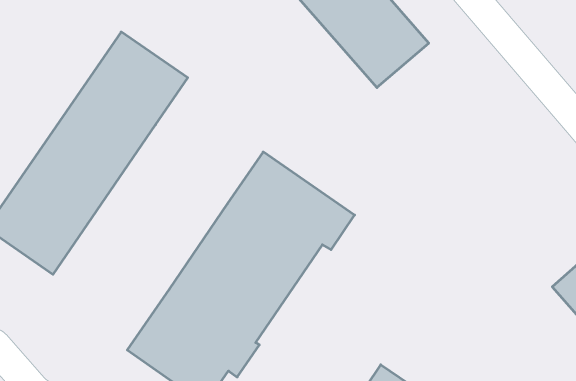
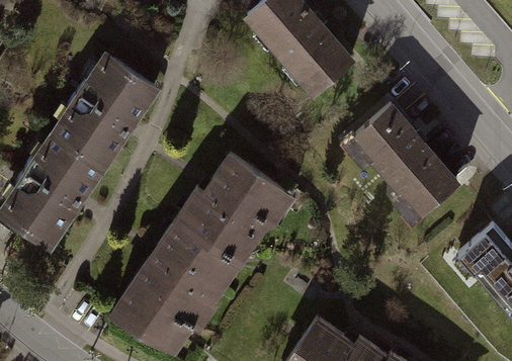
building: none -> [343,103,460,224]

